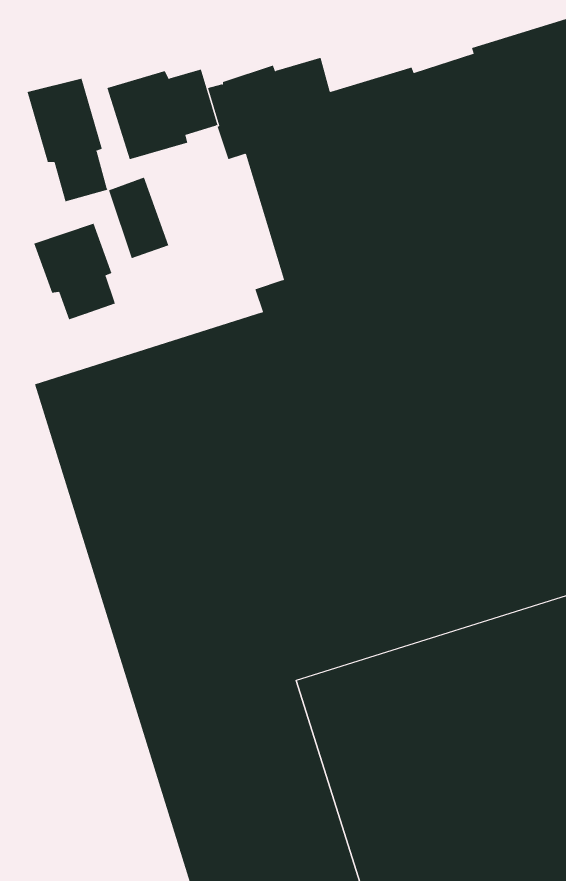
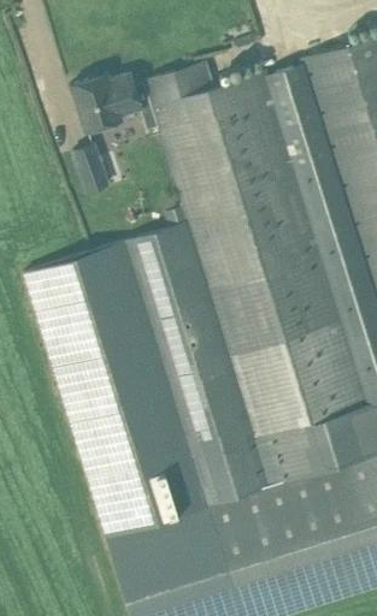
building: [27,78,108,202] -> none
building: [33,223,116,320] -> none

